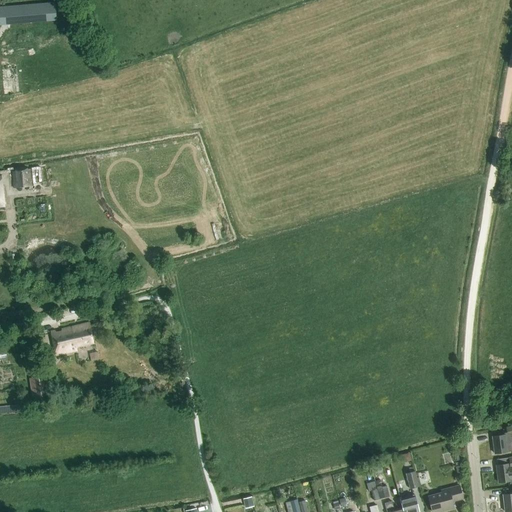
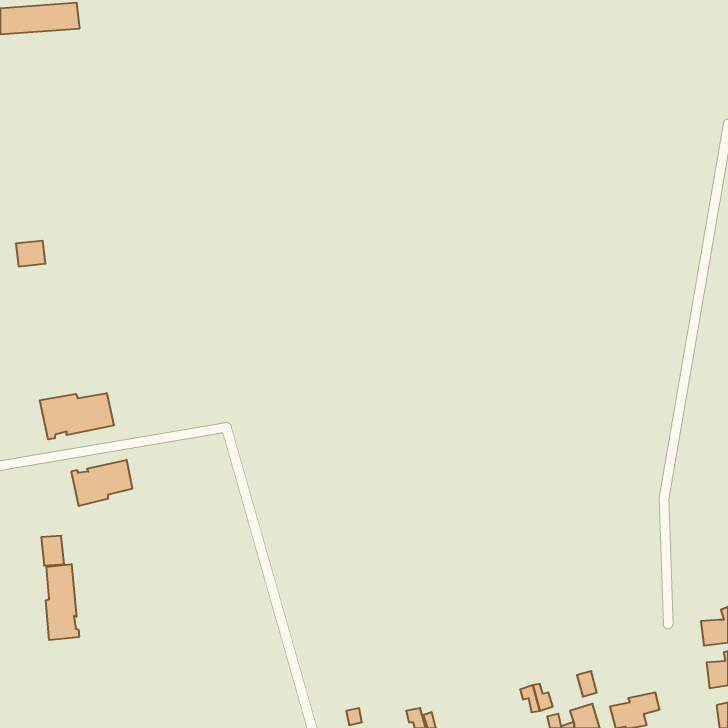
building: none -> [40,393,114,439]
building: none -> [46,564,79,640]

